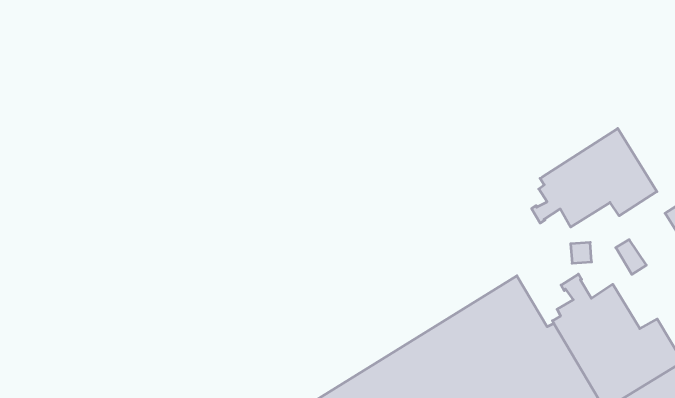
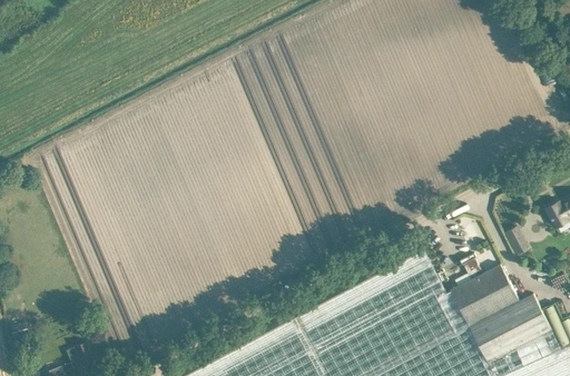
building: [532,128,657,227] -> none

